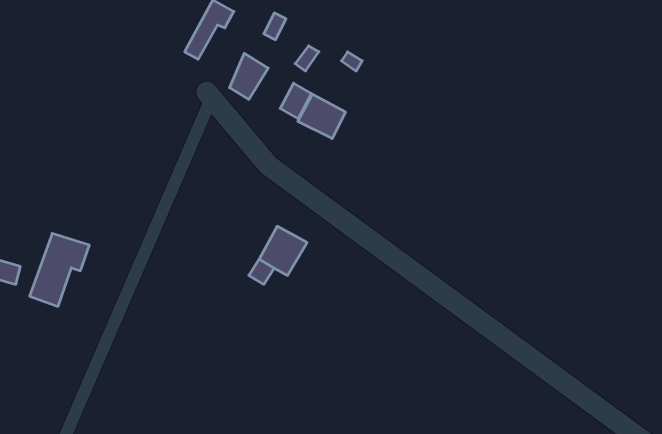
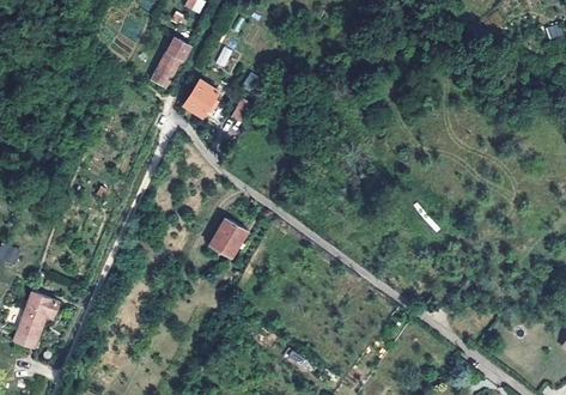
building: [298,94,345,139] -> none
building: [30,233,89,306] -> [12,291,60,350]

